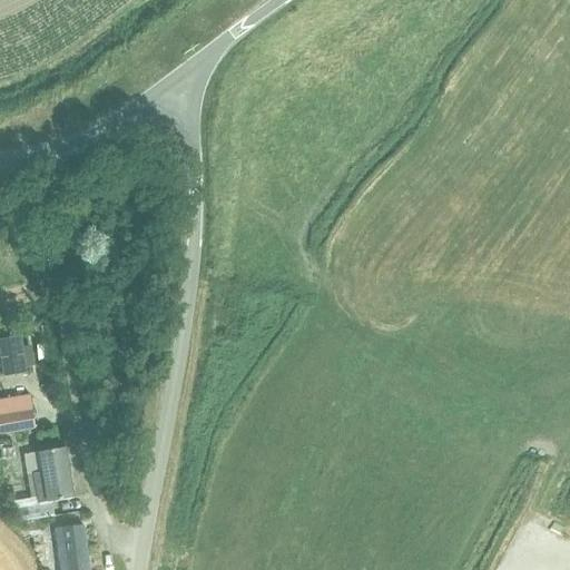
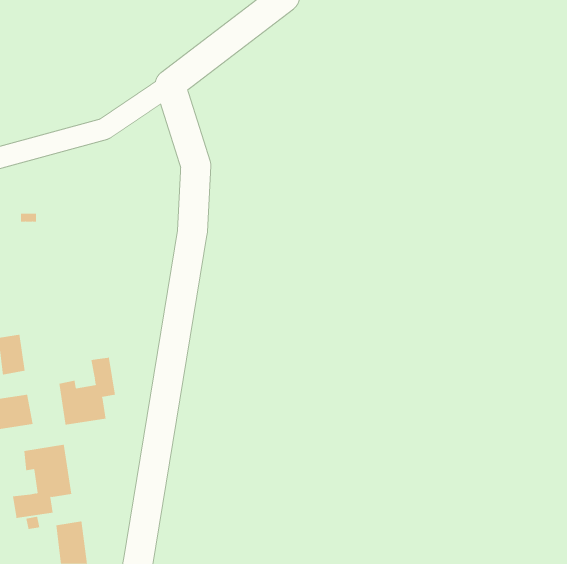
building: none -> [59,357,115,426]

